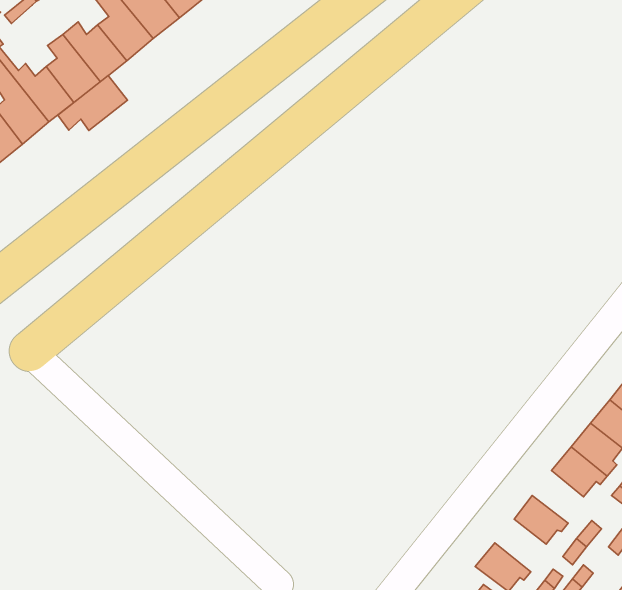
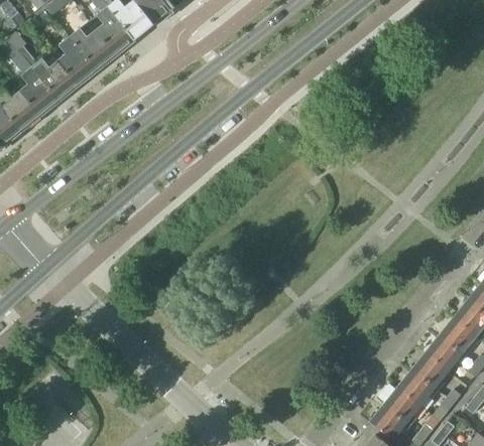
building: [58,76,128,131] -> none
building: none -> [410,352,448,391]
building: none -> [383,388,420,426]

